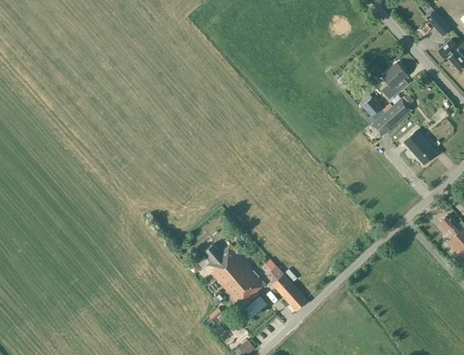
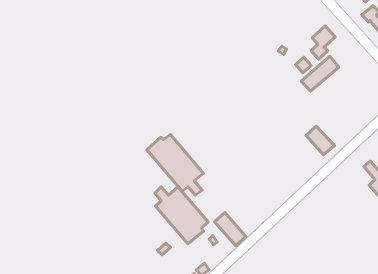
building: [404,131,436,163] -> [306,126,335,155]
building: none -> [147,135,203,195]

